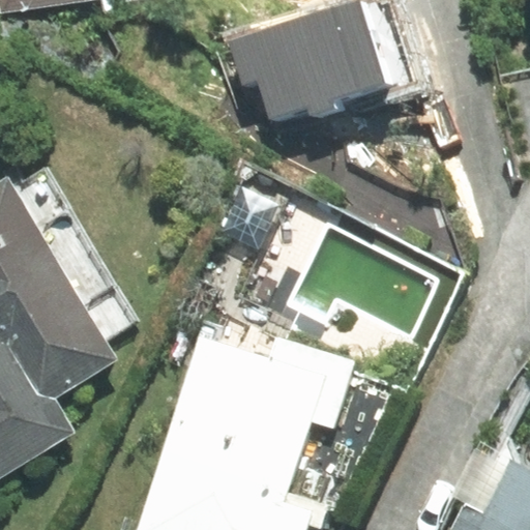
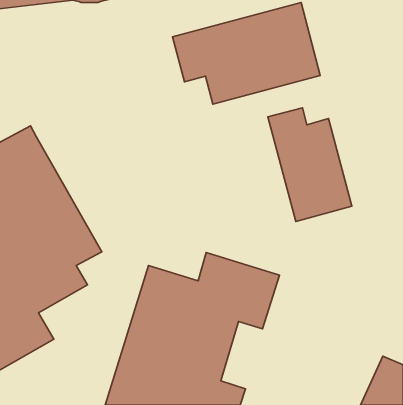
building: none -> [268,108,352,222]

